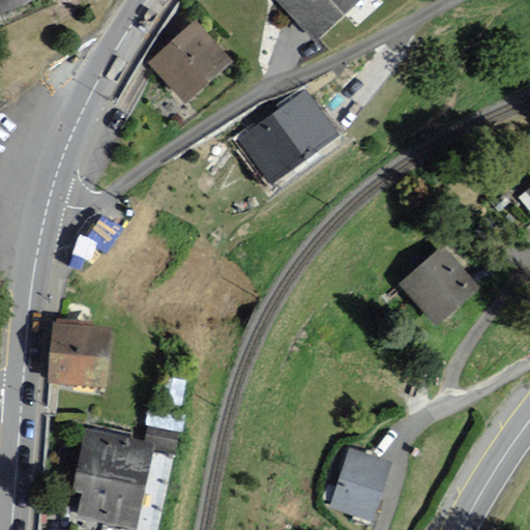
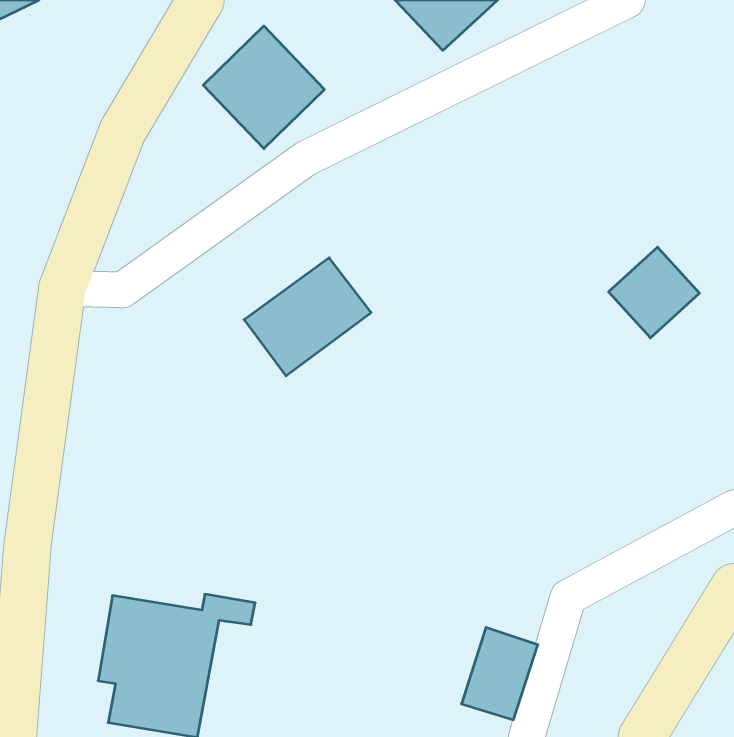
building: [241,94,332,179] -> [244,258,371,376]
building: [406,253,471,318] -> [609,247,699,338]
building: [47,321,110,386] -> none

